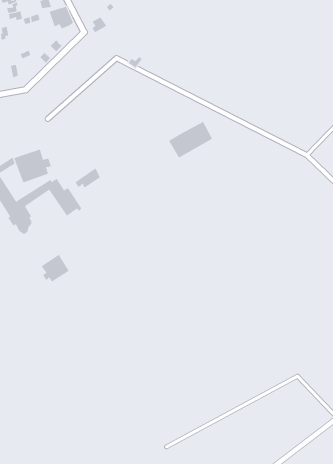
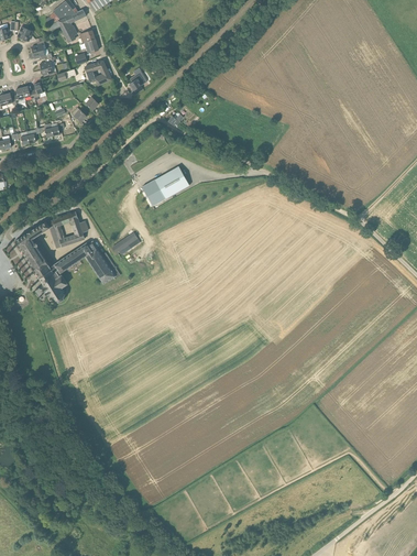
building: [168,121,213,159] -> [141,165,188,205]
building: [41,254,70,282] -> none

